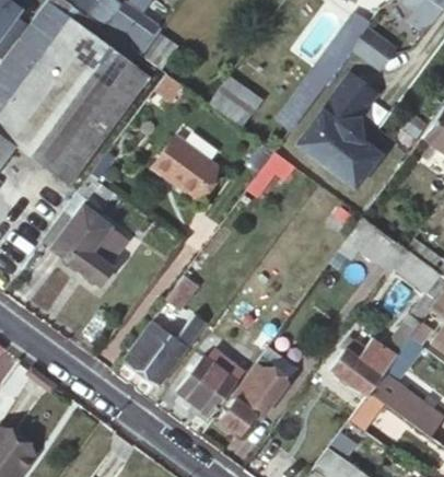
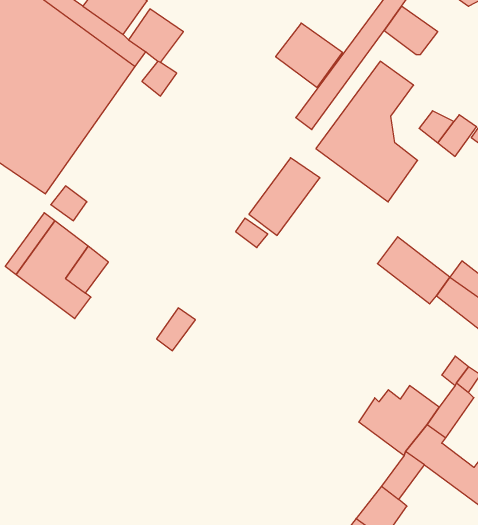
building: [208,77,262,129] -> [276,23,343,88]
building: [152,139,215,199] -> none
building: [124,316,206,385] -> none
building: [218,348,295,433] -> none
building: [176,357,237,417] -> none

